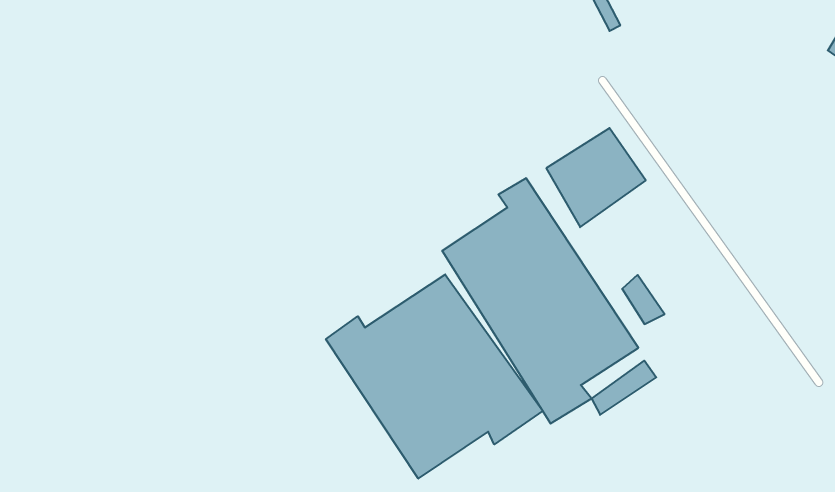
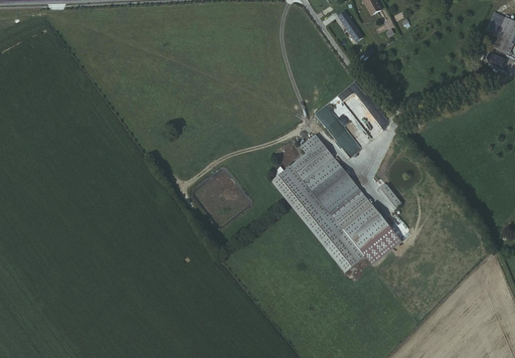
building: [326,274,543,479] -> none

